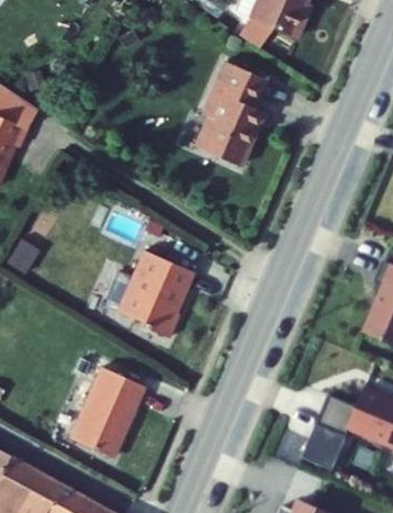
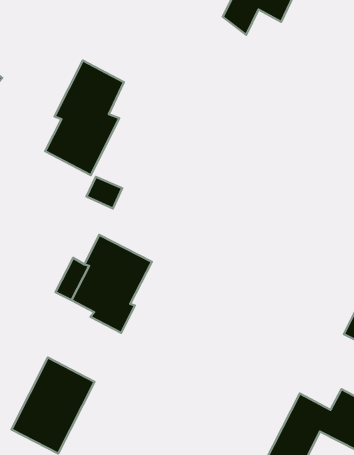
building: [191,73,260,179] -> [45,61,124,175]

